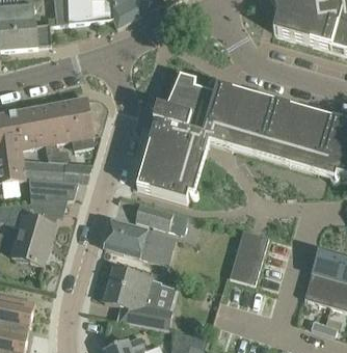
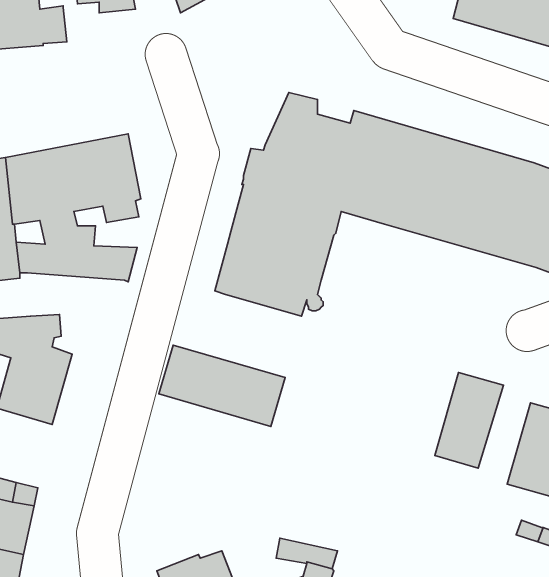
building: [28,177,78,201] -> none
building: [134,201,172,229] -> none
building: [229,228,268,283] -> [435,373,504,468]
building: [101,266,172,329] -> none

